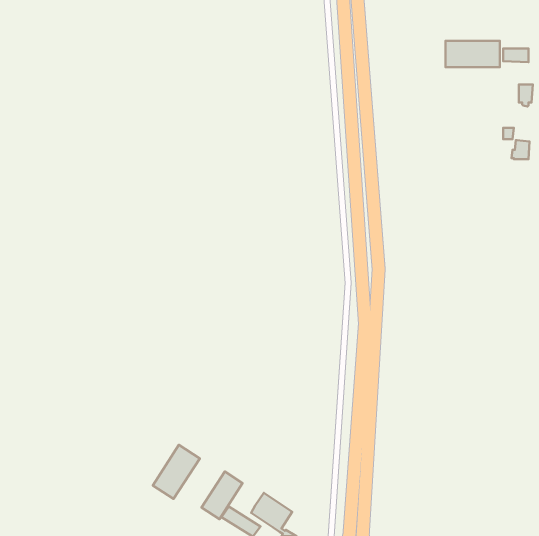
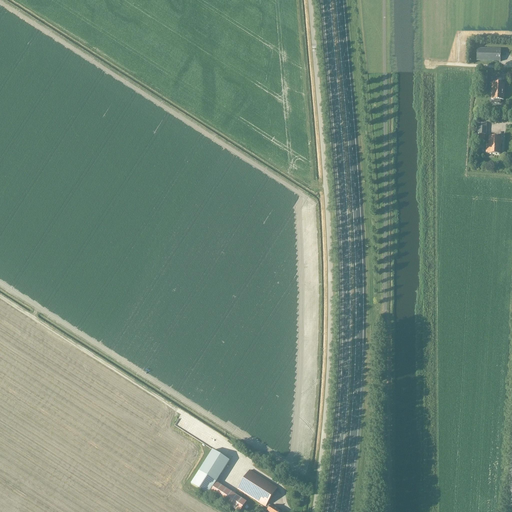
building: [445,41,500,67] -> none
building: [153,445,200,499] -> none

